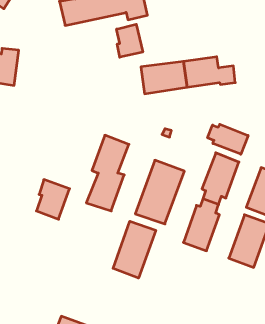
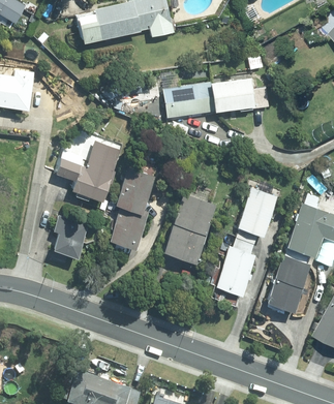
building: [117,24,143,57] -> none
building: none -> [52,139,119,201]
building: [208,124,248,154] -> none
building: [113,221,156,278] -> none

